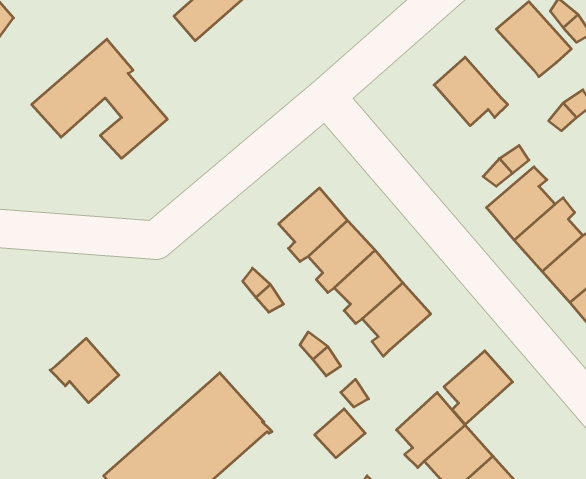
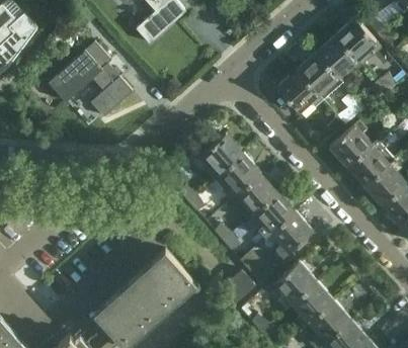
building: none -> [316,35,361,78]
building: none -> [276,70,323,112]
building: [50,338,119,403] -> none
building: [444,351,513,424] -> [269,211,312,257]

